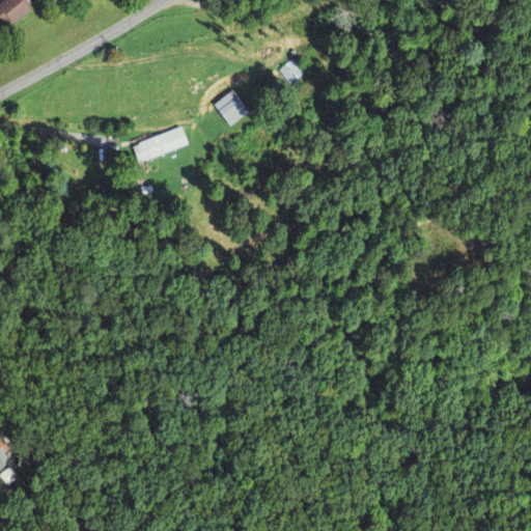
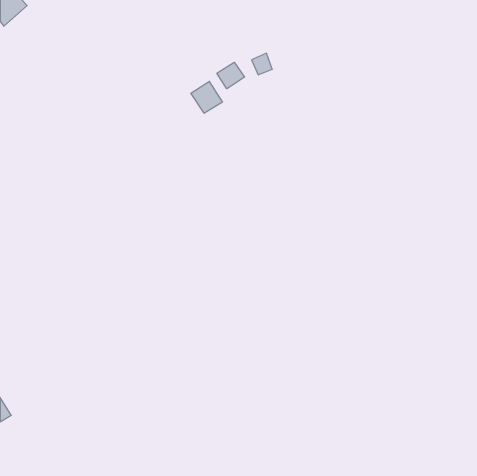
building: none -> [217,62,245,89]
building: [133,127,189,163] -> none

